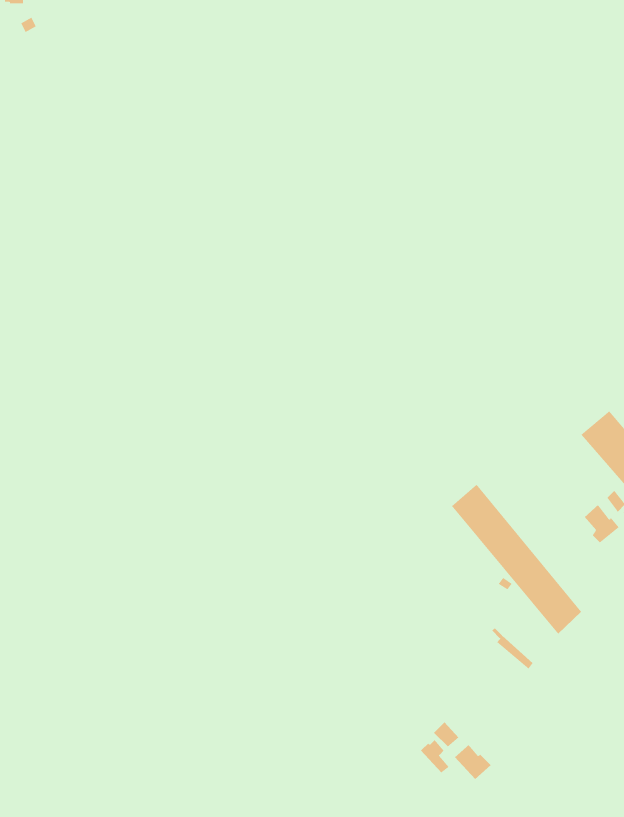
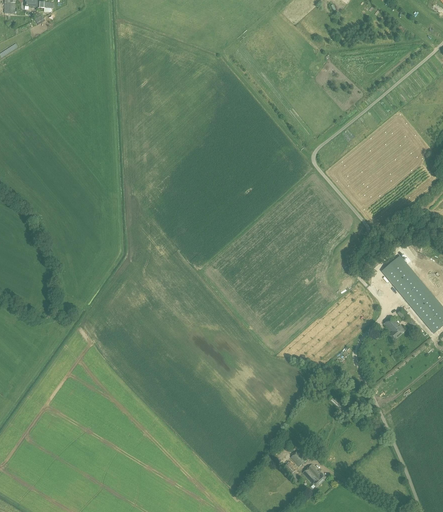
building: [451,484,582,634] -> none

